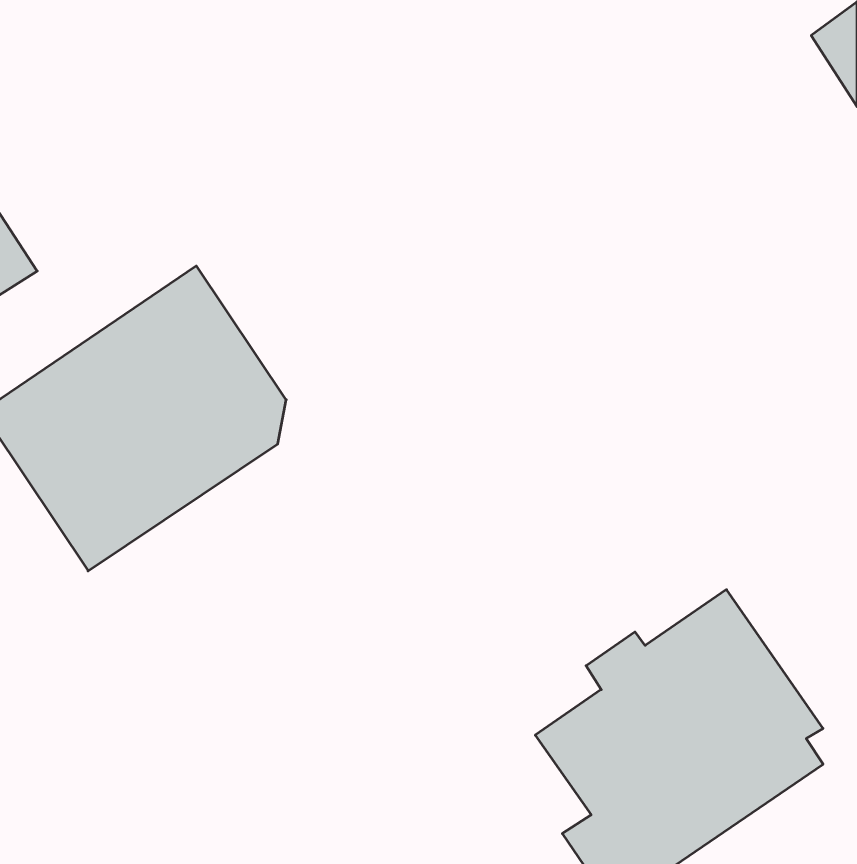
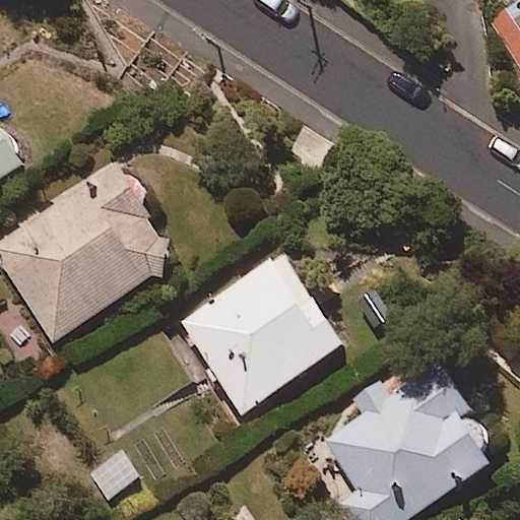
building: none -> [177,252,343,414]

